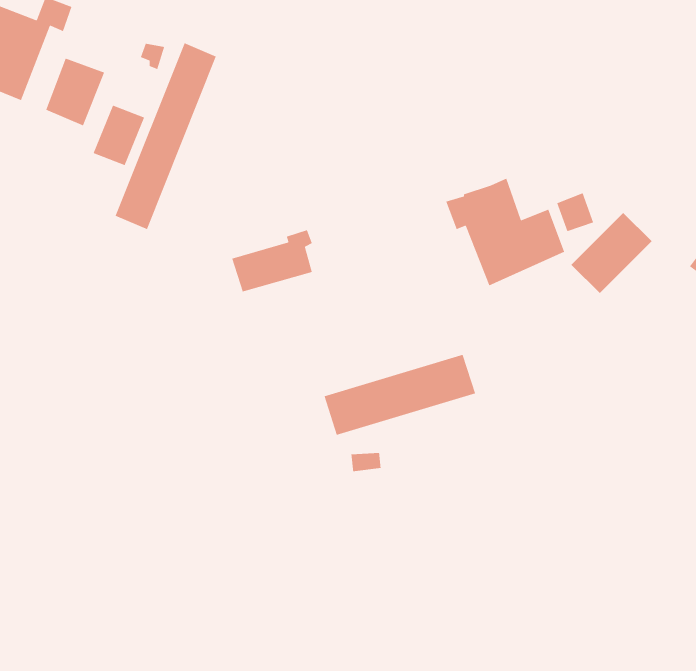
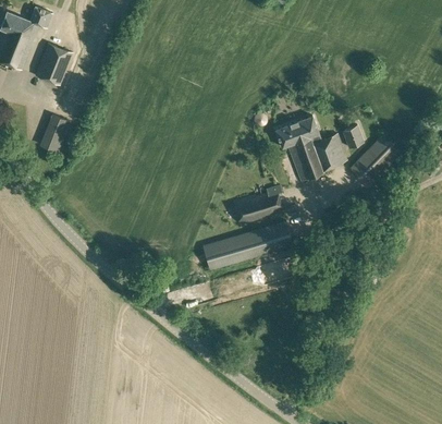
building: [115,42,217,230] -> none
building: [92,104,145,166] -> [39,116,71,153]
building: [231,229,313,293] -> [234,185,283,223]

